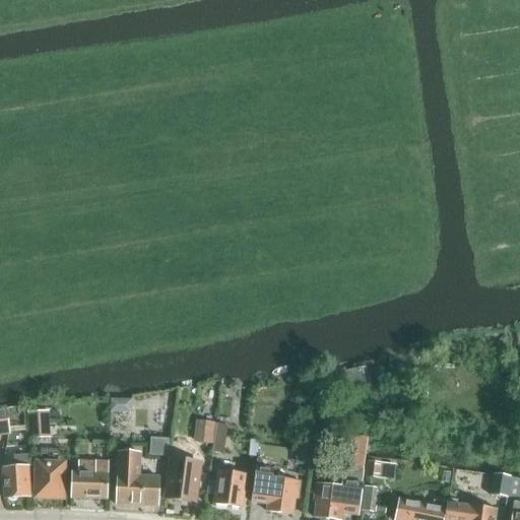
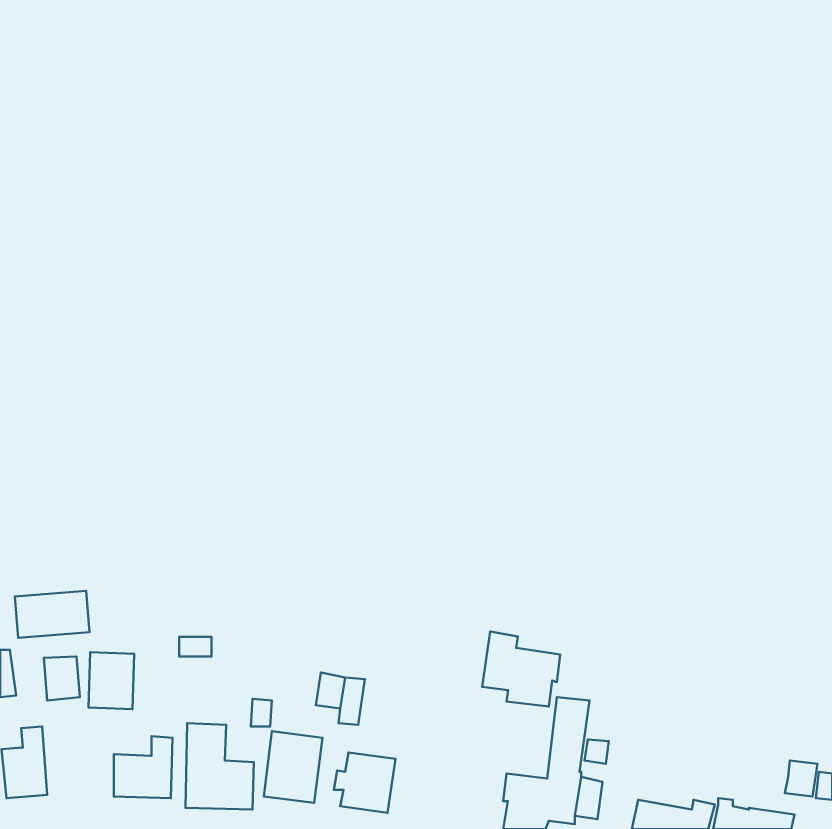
building: none -> [15,591,89,638]
building: [36,461,64,497] -> [89,652,134,709]
building: [251,466,300,513] -> [482,632,560,706]

